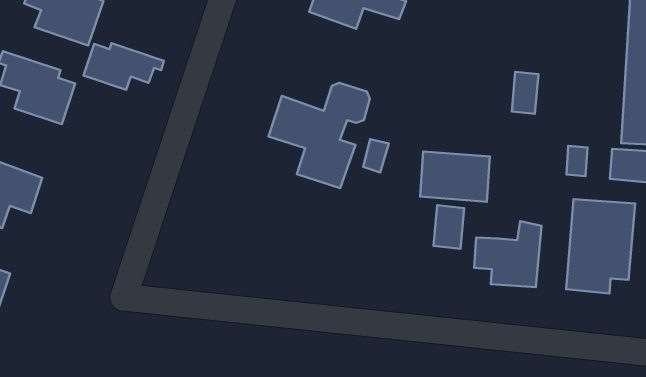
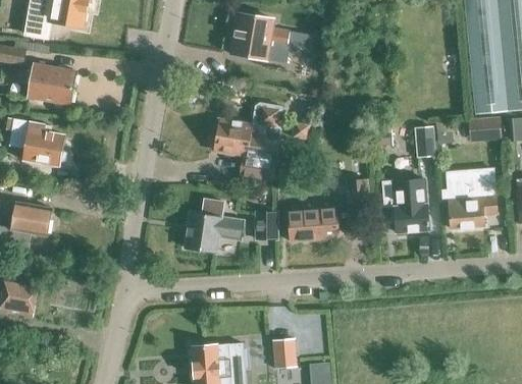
building: [83,43,164,90] -> none
building: [512,72,538,114] -> [416,126,435,157]
building: [420,151,490,202] -> [288,204,341,241]
building: none -> [185,213,243,252]
building: none -> [256,213,277,238]

